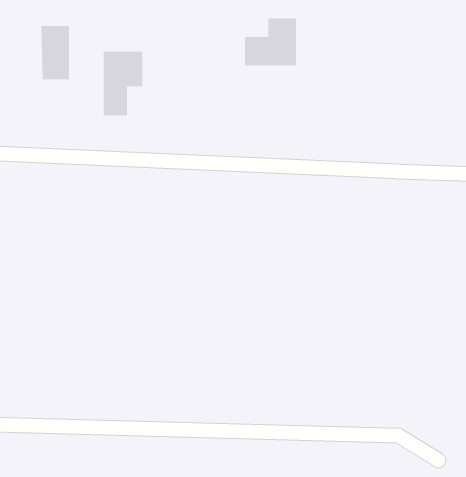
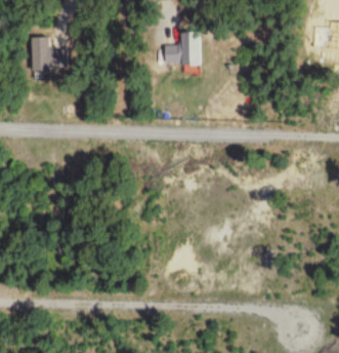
building: [103,51,143,116] -> none

